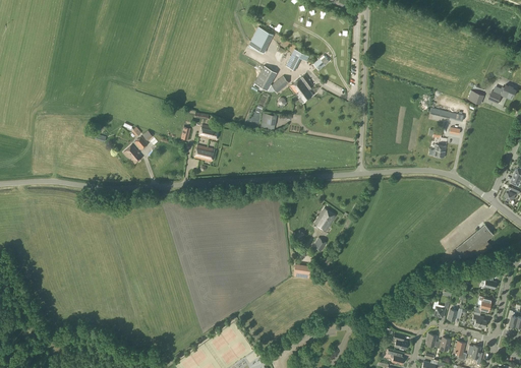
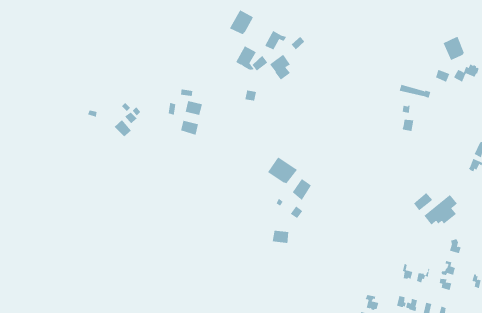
building: none -> [443,36,465,61]
building: none -> [267,156,298,185]

